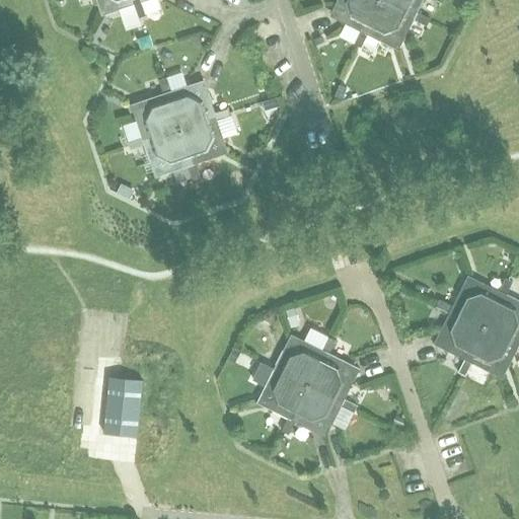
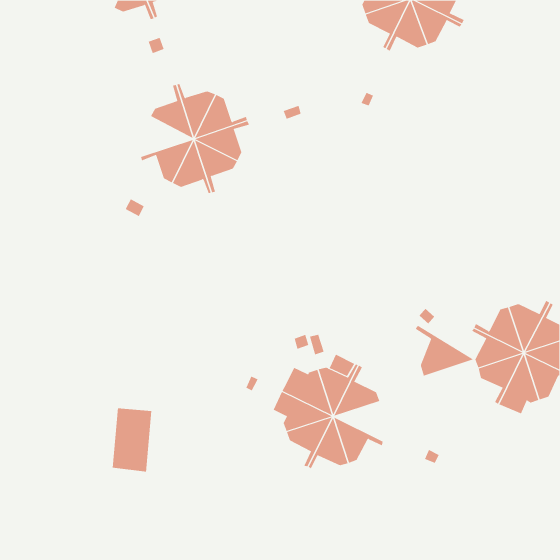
building: [128,107,179,145] -> none
building: none -> [415,325,475,376]
building: [308,371,357,409] -> none

